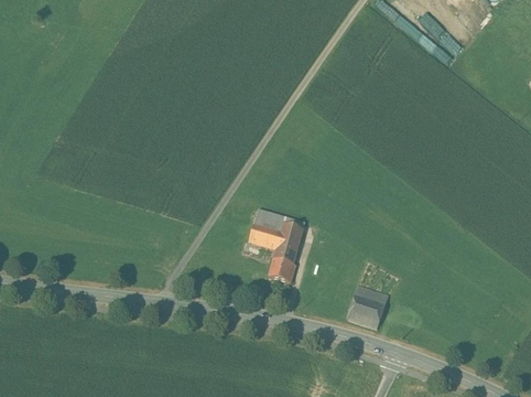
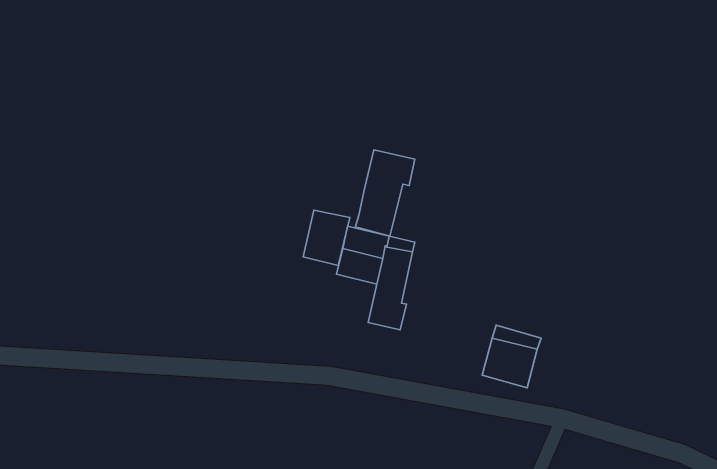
building: none -> [355,150,415,236]
building: none -> [303,210,350,266]

